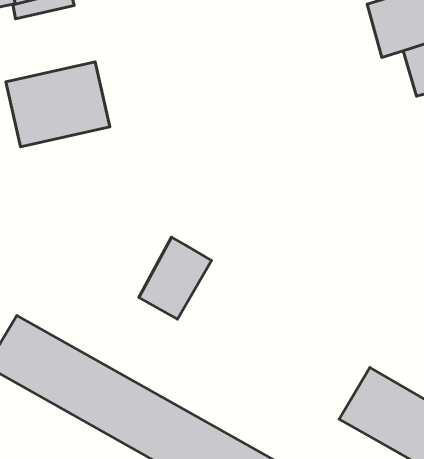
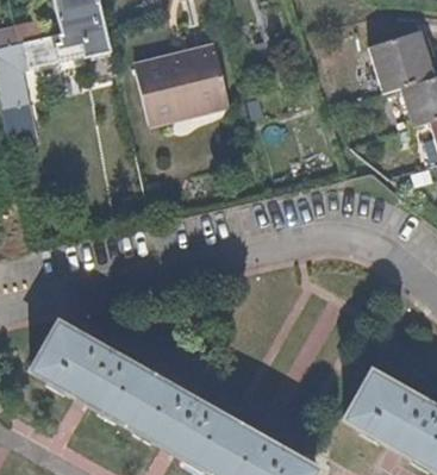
building: [6,62,110,147] -> [135,46,227,123]
building: [139,237,212,319] -> none

